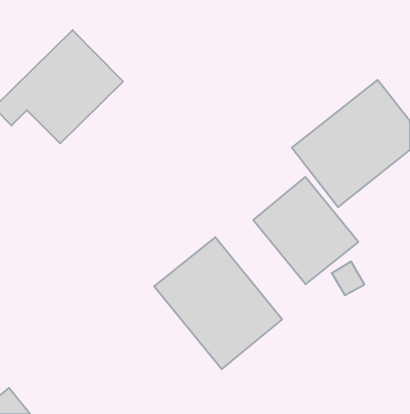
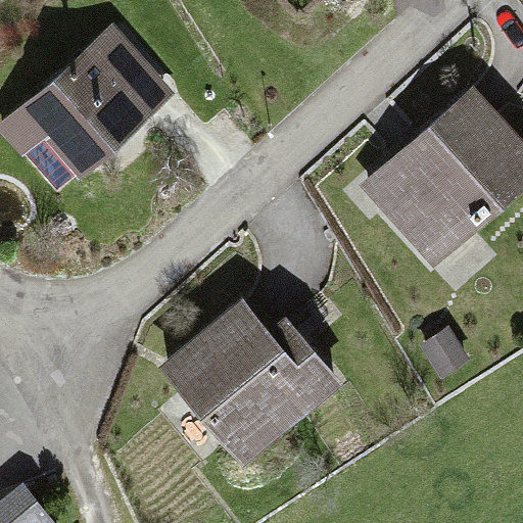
building: [253,177,358,284] -> none

